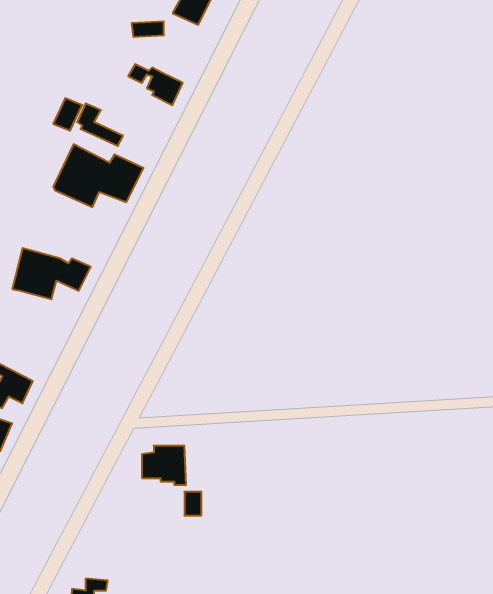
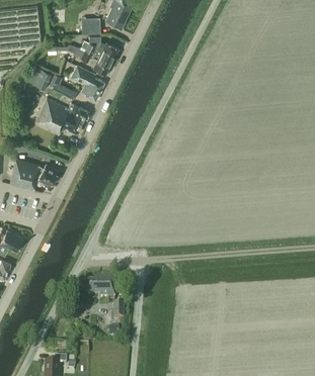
building: none -> [80,35,119,61]
building: none -> [71,65,104,100]

